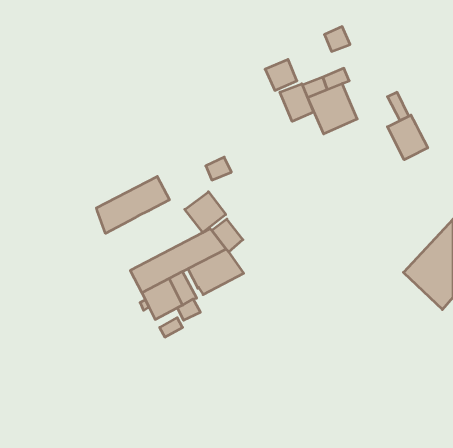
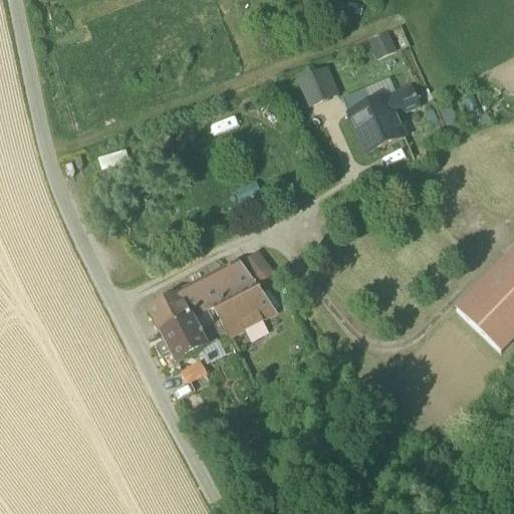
building: none -> [388,84,420,113]
building: [280,84,313,121] -> none
building: [387,115,428,160] -> none
building: [96,176,169,233] -> none
building: [185,192,226,233] -> none

